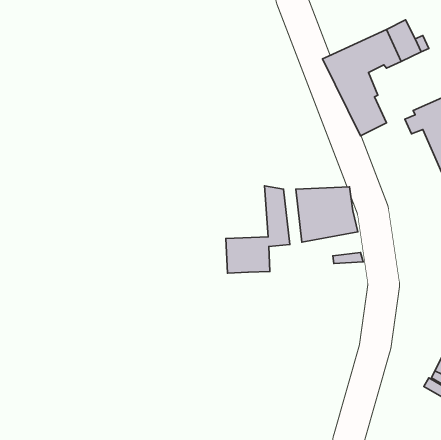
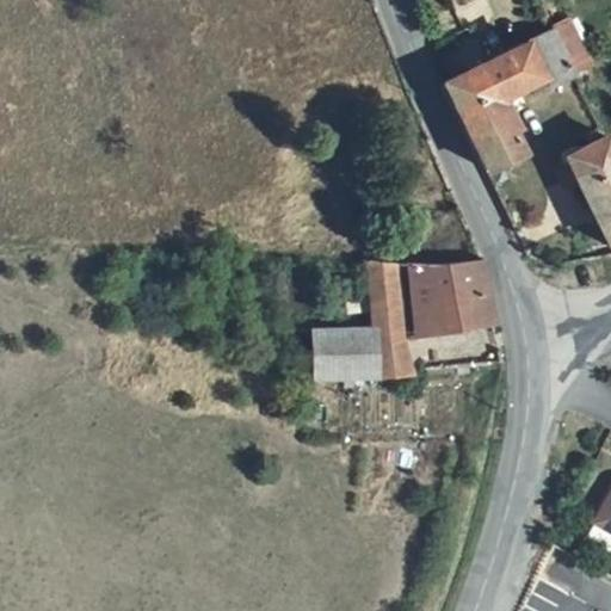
building: none -> [372,338,411,375]

